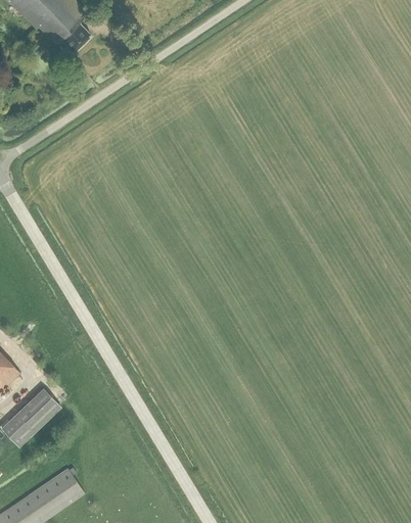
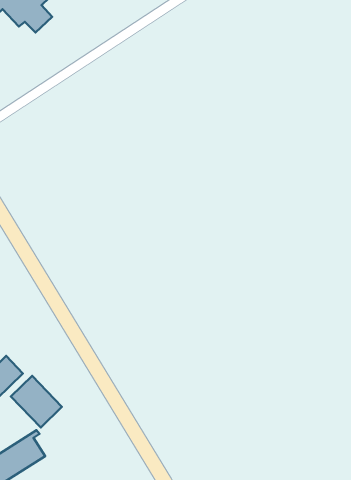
building: none -> [11,376,62,428]

